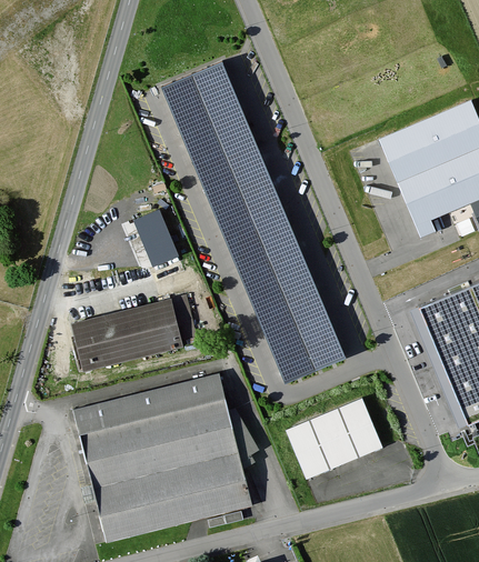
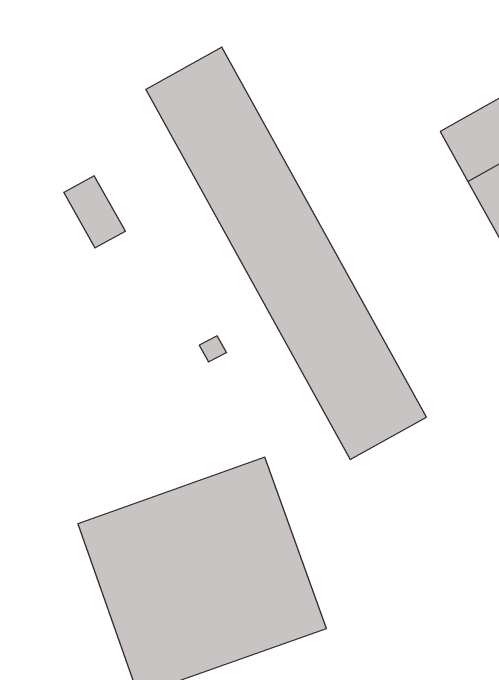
building: [136,212,179,267] -> [64,176,125,248]
building: [72,299,197,368] -> none
building: [283,398,381,481] -> none

